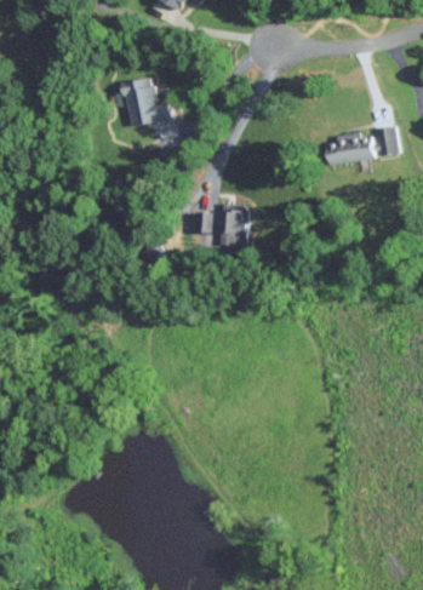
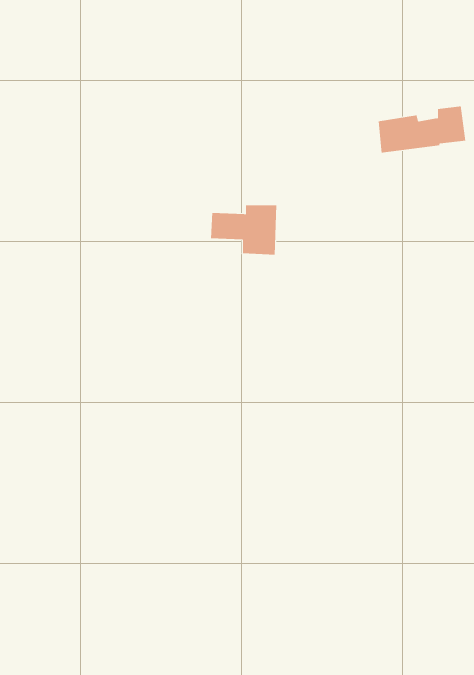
building: [125,79,173,127] -> none

